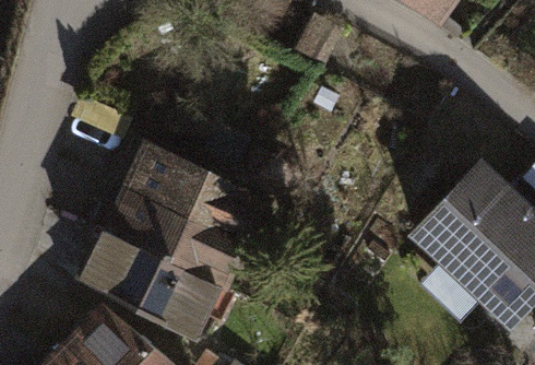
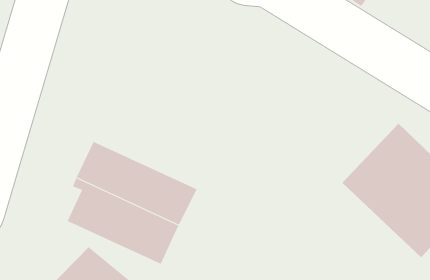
building: [116,141,262,244] -> none

